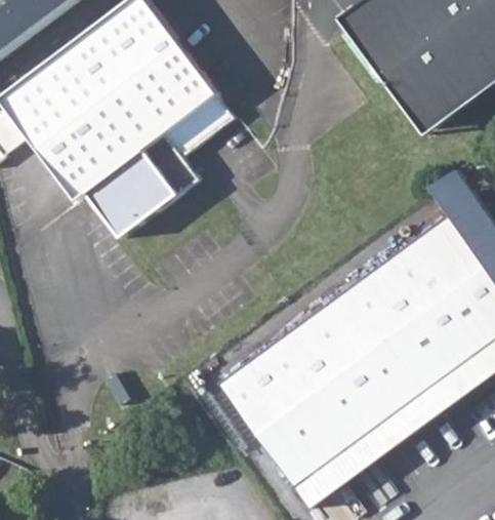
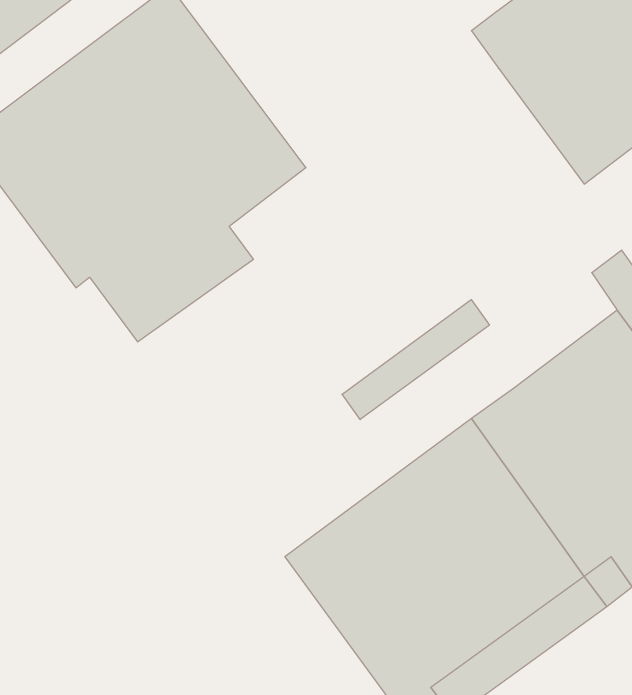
building: none -> [342,300,489,420]

